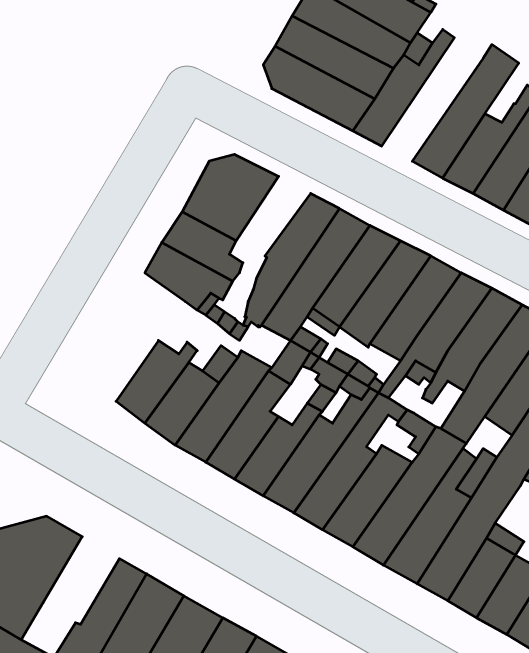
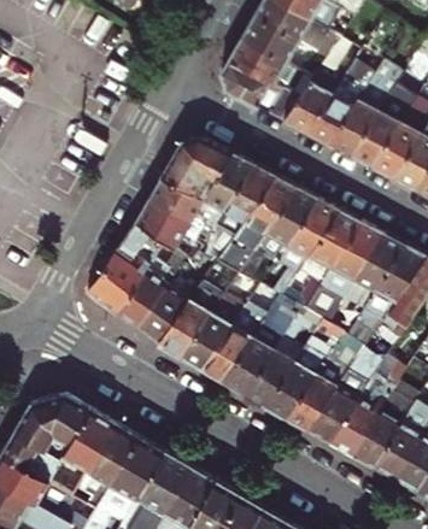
building: none -> [305,52,377,143]
building: none -> [201,154,254,211]
building: none -> [87,223,165,315]
building: none -> [64,411,118,474]

